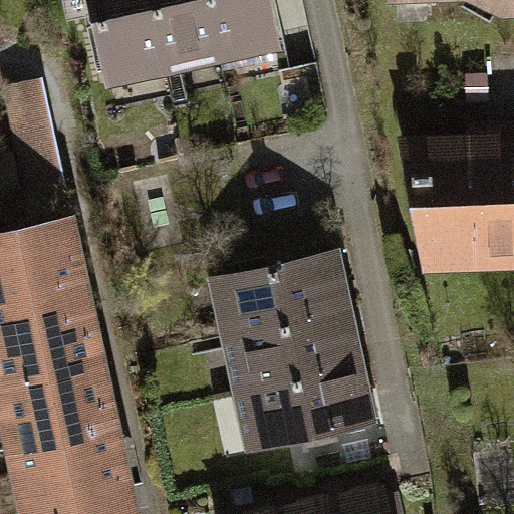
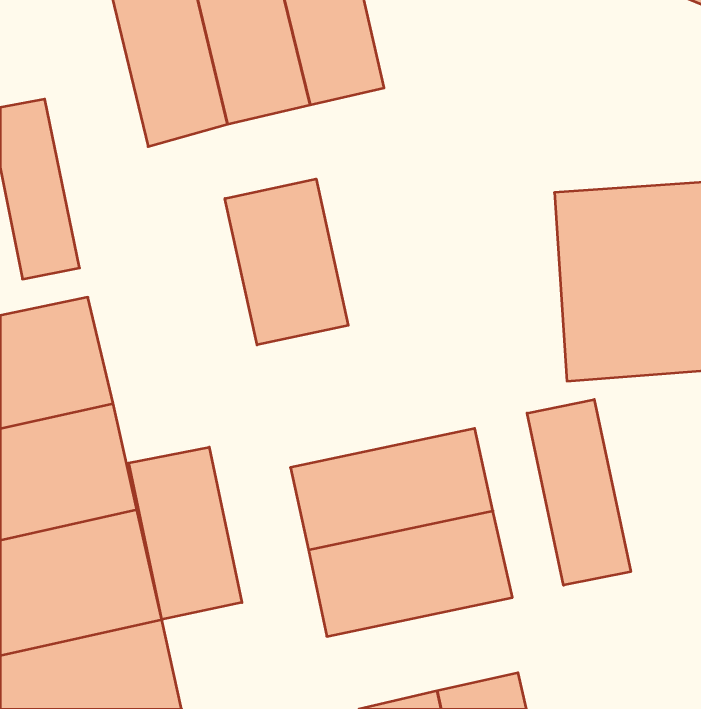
building: none -> [225,179,348,345]
building: [205,250,350,336] -> none
building: none -> [527,399,631,585]
building: none -> [129,447,242,620]

